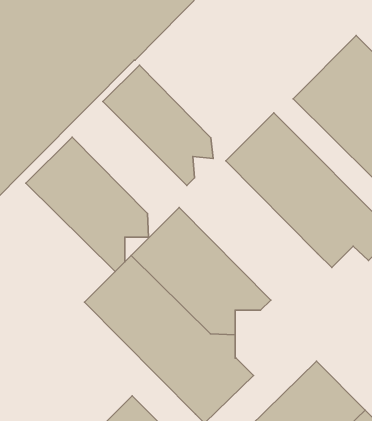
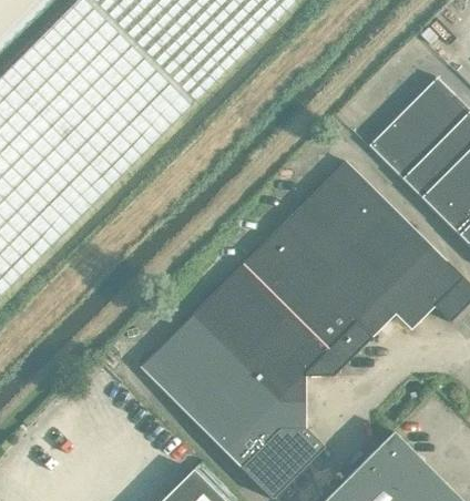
building: [103,65,213,186] -> none
building: [26,137,149,272] -> none
building: none -> [243,213,394,365]

